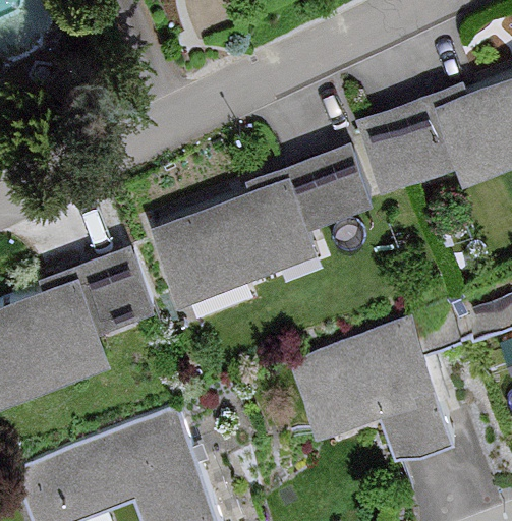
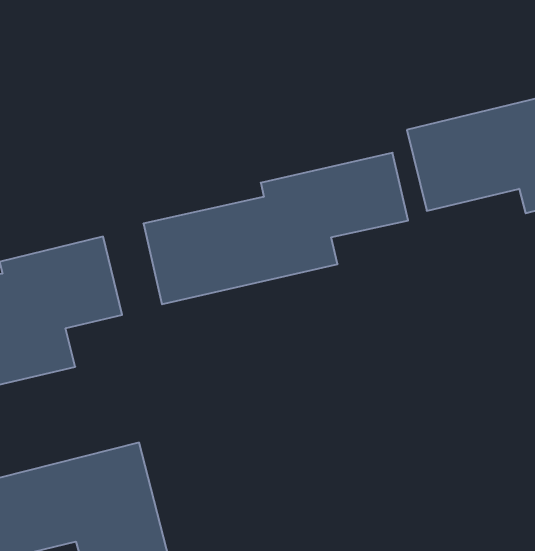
building: [292,324,454,464] -> none

